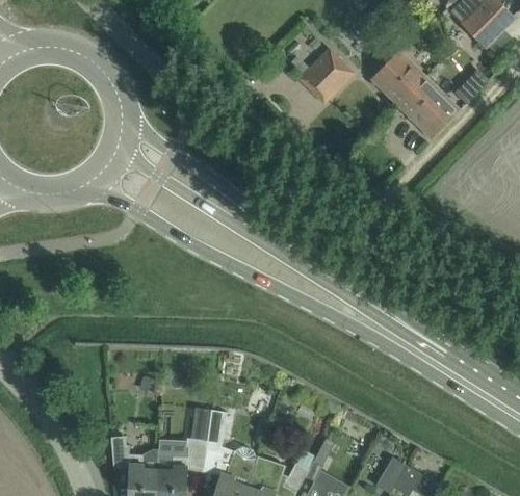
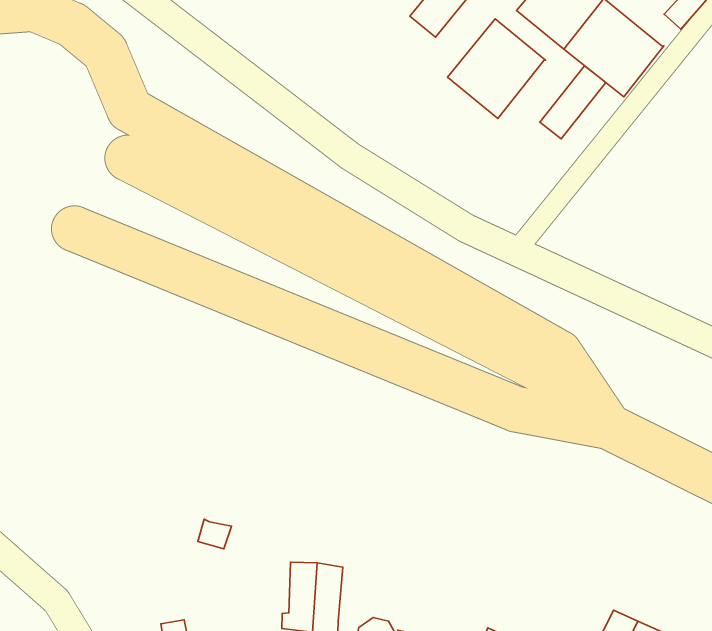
building: none -> [447,19,545,119]
building: none -> [540,66,606,139]

